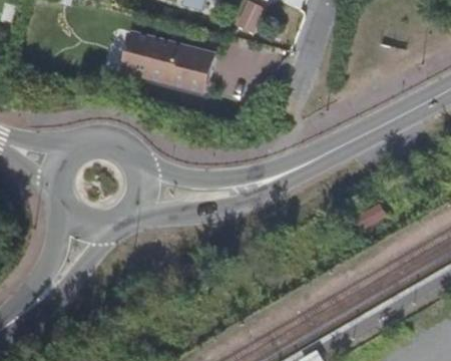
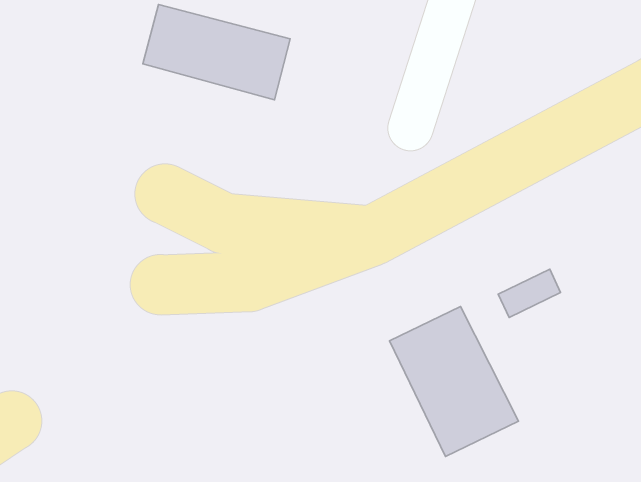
building: none -> [390,306,518,456]

